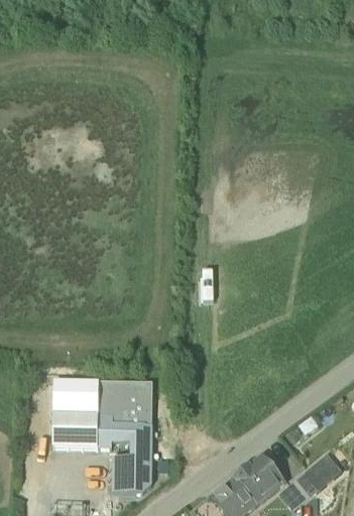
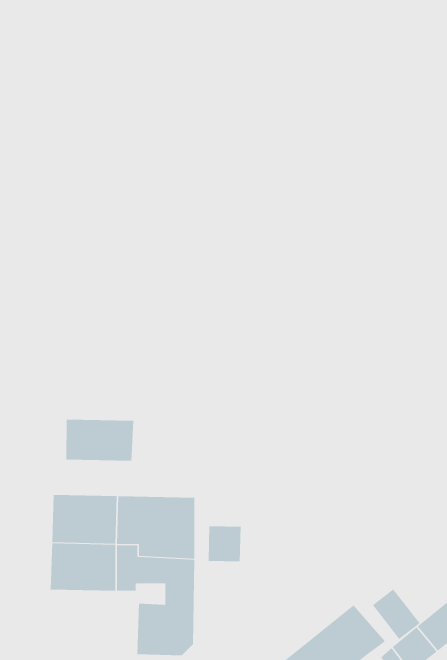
building: none -> [66,419,134,462]
building: none -> [208,526,241,562]
building: none -> [372,589,420,640]

